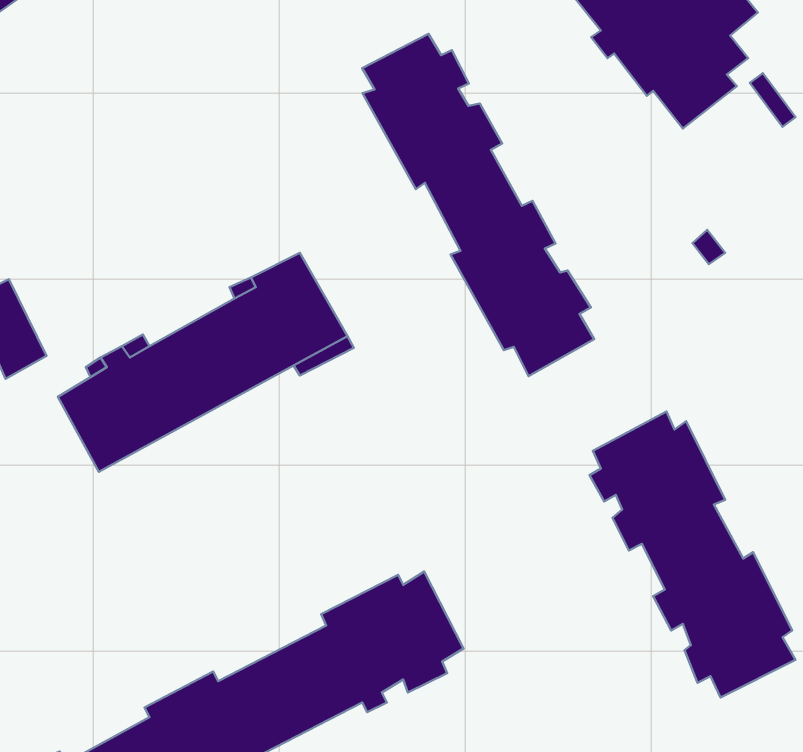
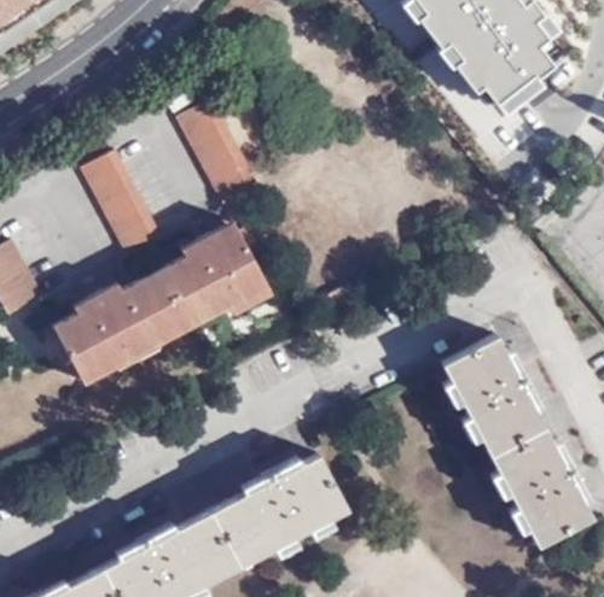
building: [362,34,594,376] -> none
building: none -> [178,98,254,198]
building: none -> [82,147,159,248]

